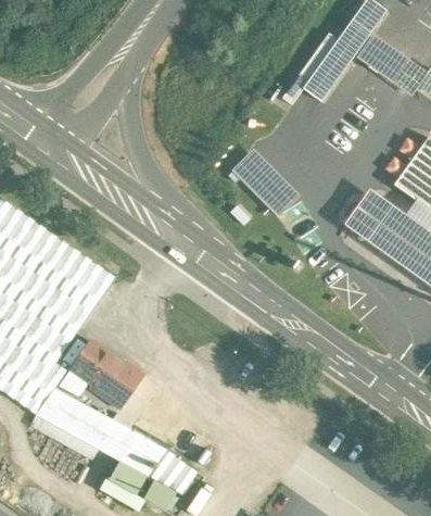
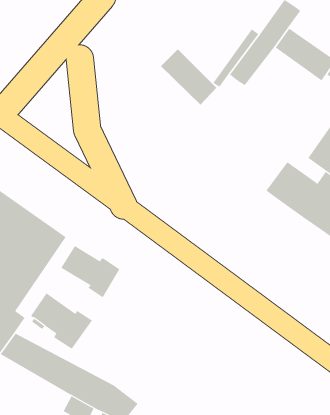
building: [230,150,296,216] -> [160,48,217,105]
building: none -> [60,245,120,298]

